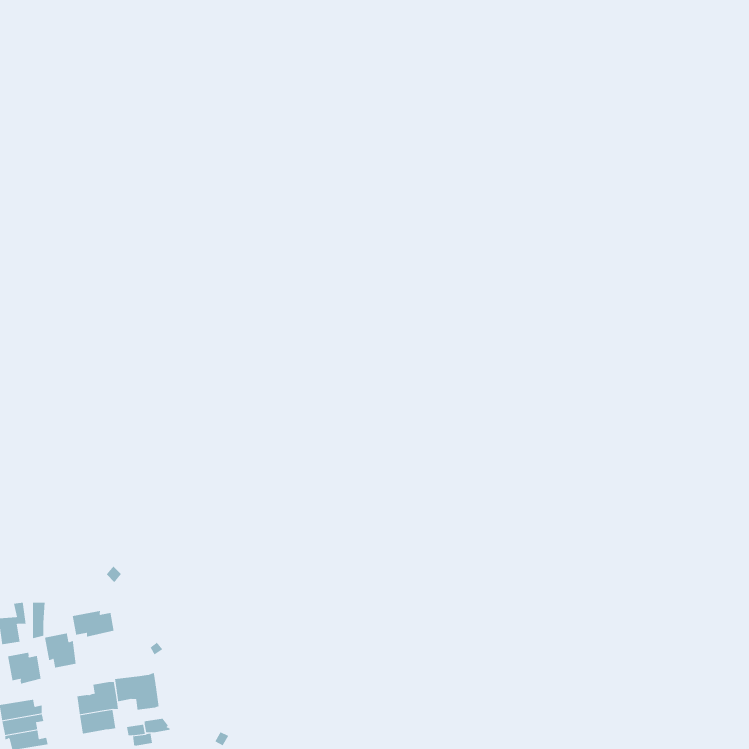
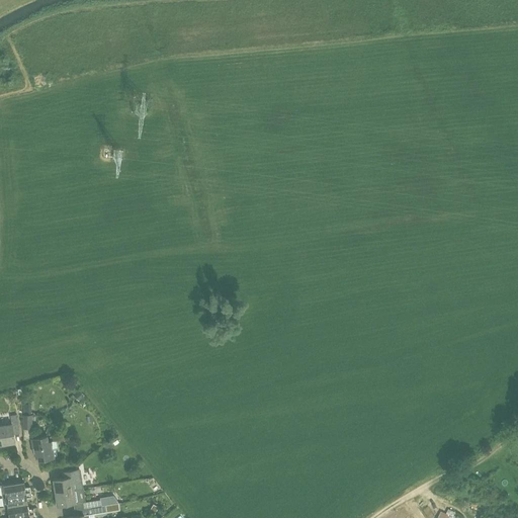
building: [72,610,114,637] -> none
building: [8,652,41,684] -> none
building: [114,672,159,711] -> none

